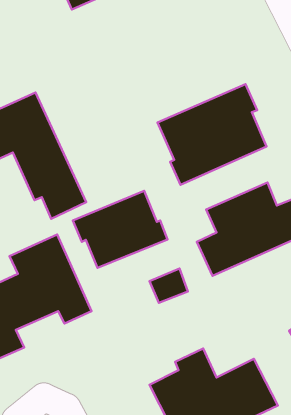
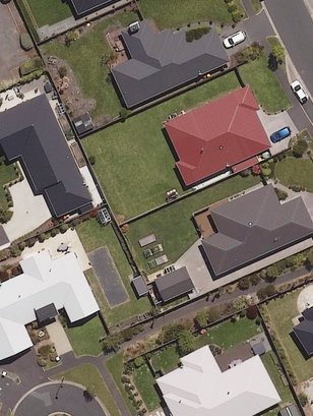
building: none -> [110,26,229,107]
building: [73,191,168,268] -> none

